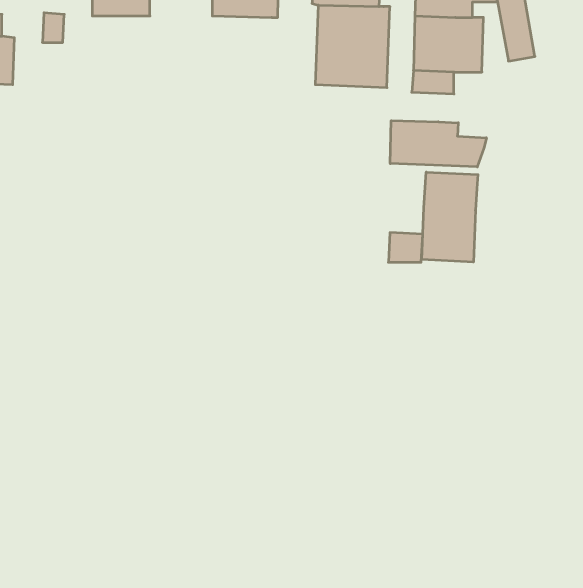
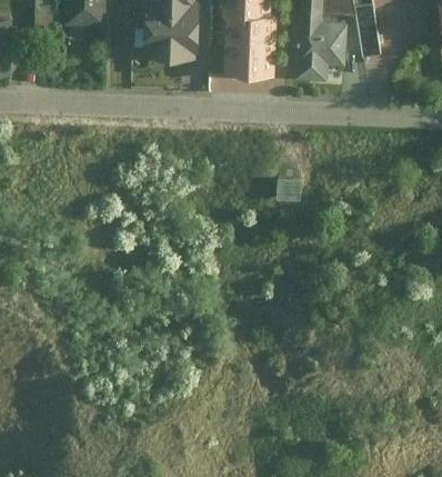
building: none -> [151,23,194,56]
building: [390,121,486,167] -> none
building: [422,172,478,262] -> none

